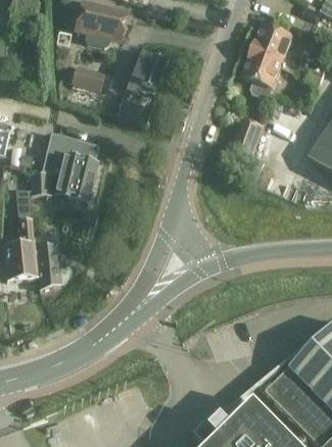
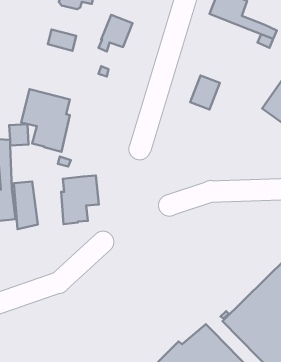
building: [242,48,295,96] -> none
building: none -> [61,176,99,224]

